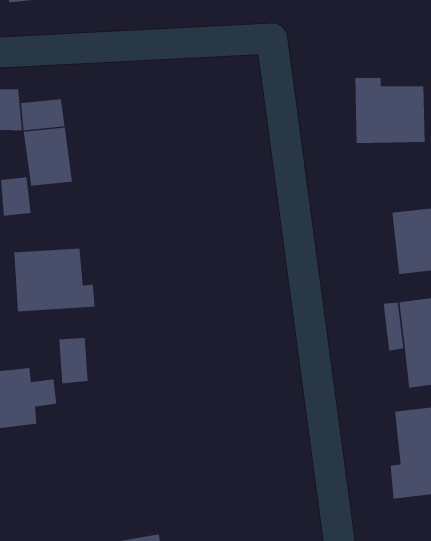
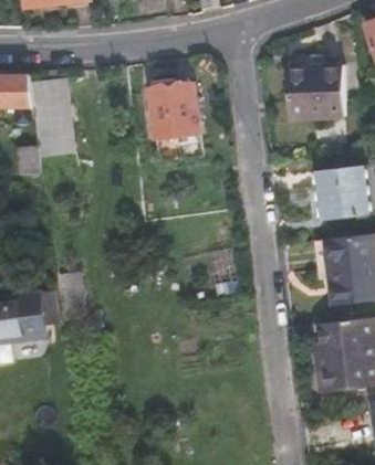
building: none -> [149,82,201,158]
building: [13,248,95,312] -> none

